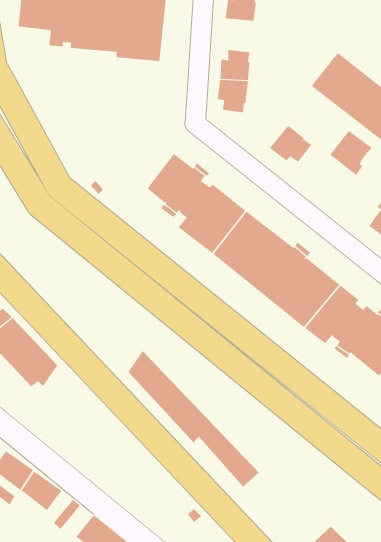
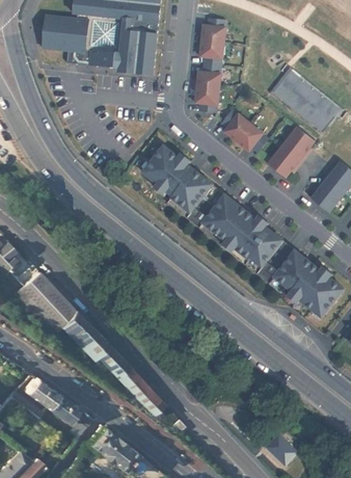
building: none -> [200,39,224,65]
building: none -> [221,108,250,139]
building: none -> [269,144,303,177]
building: [128,350,259,487] -> [61,308,163,414]

